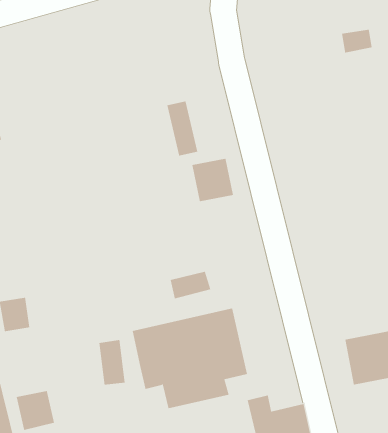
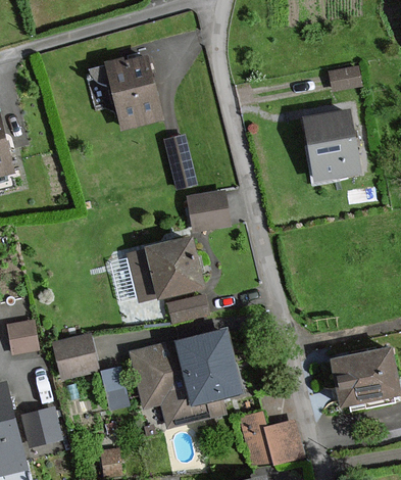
building: none -> [106,59,158,128]
building: none -> [303,112,357,181]
building: none -> [128,239,202,302]
building: none -> [54,335,97,378]

